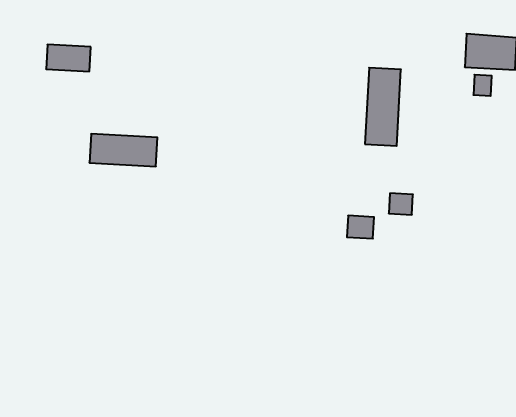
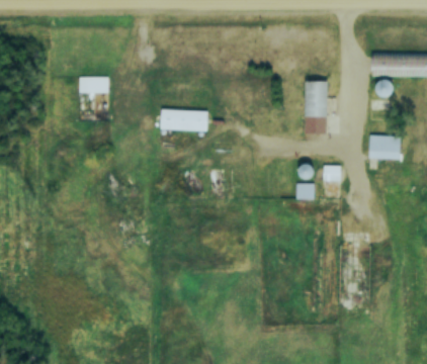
building: [89,134,157,166] -> [160,110,206,130]
building: none -> [369,135,400,160]

